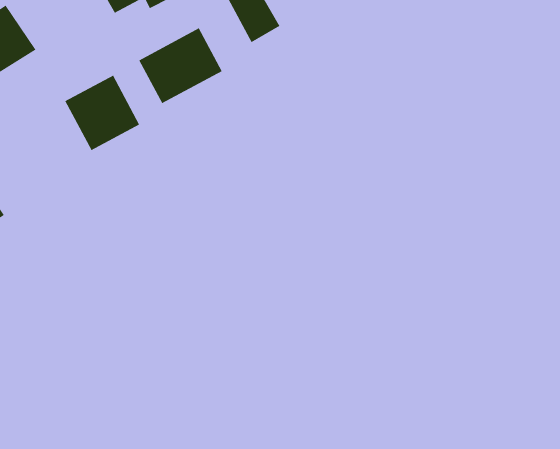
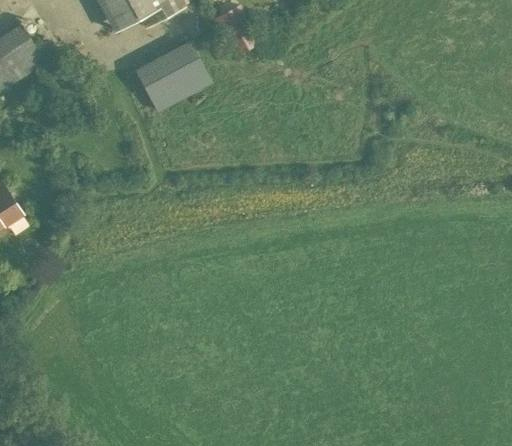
building: [64,74,140,151] -> none

